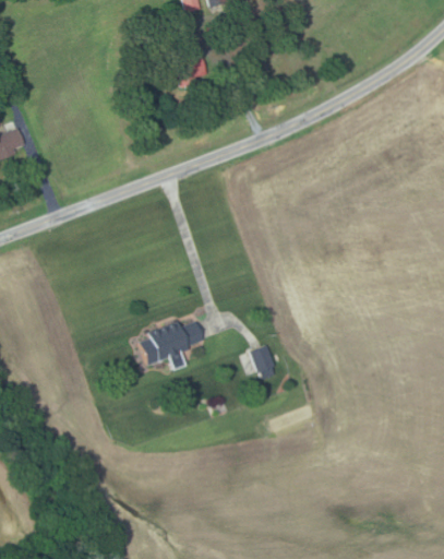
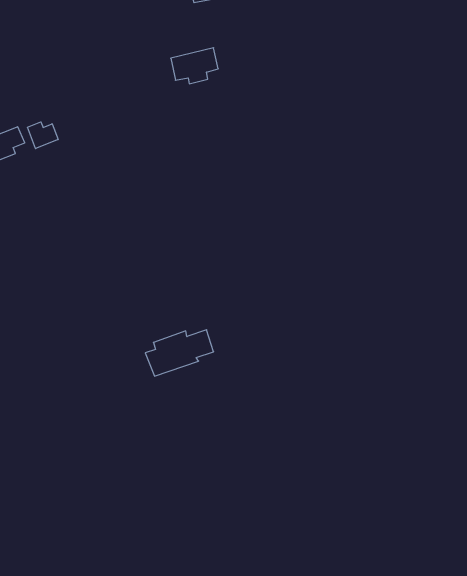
building: none -> [27,122,58,149]
building: [251,345,276,379] -> none

